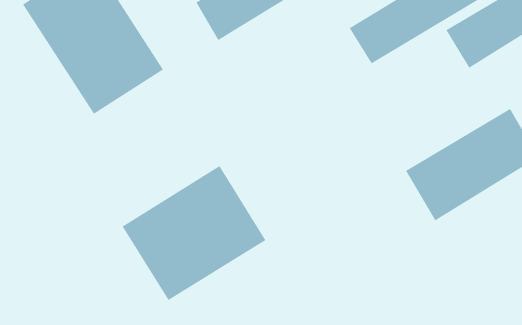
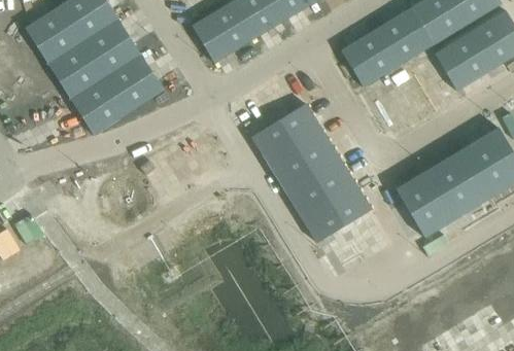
building: none -> [252,103,373,242]
building: [122,165,266,301] -> none

